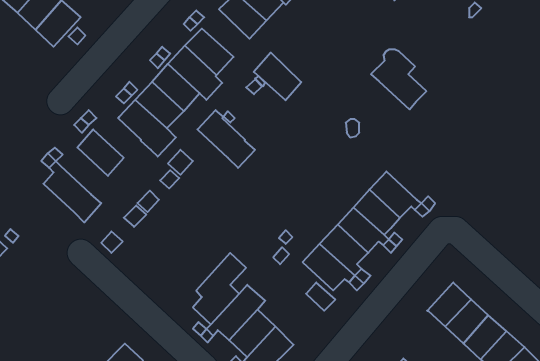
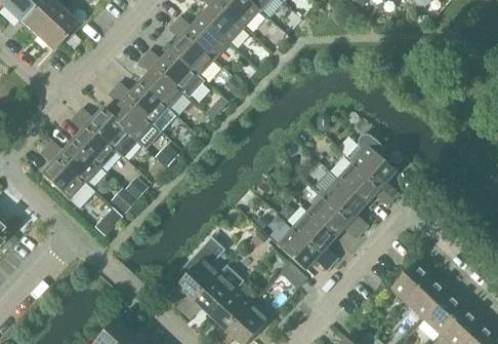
building: [371,49,426,109] -> [346,132,397,187]
building: [254,53,301,100] -> [186,14,230,58]
building: [197,110,255,168] -> [88,106,140,158]
building: none -> [58,140,101,182]

